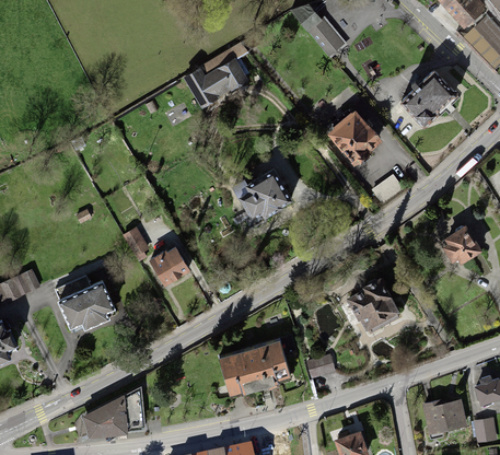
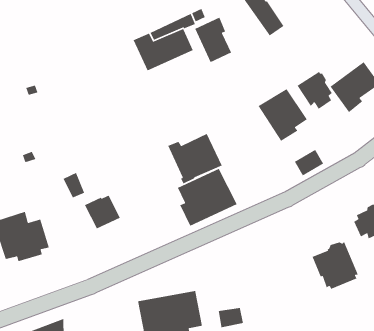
building: none -> [194,17,232,63]
building: none -> [296,71,333,110]
building: none -> [177,168,238,227]
building: [347,277,400,331] -> [311,241,359,290]

